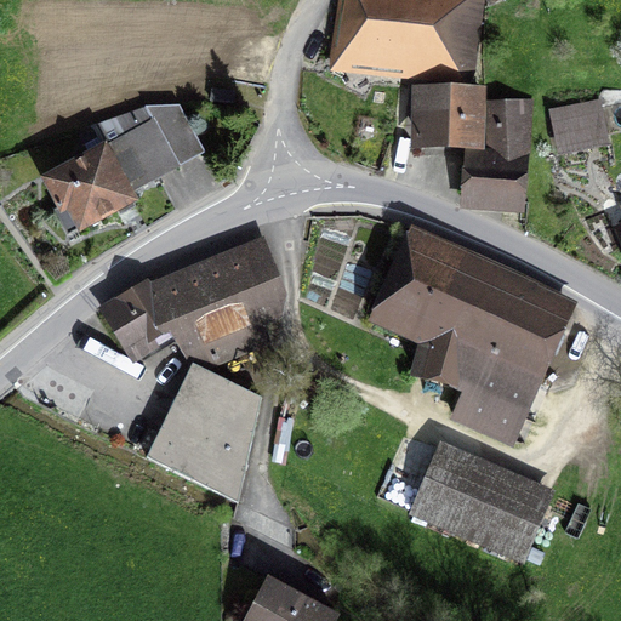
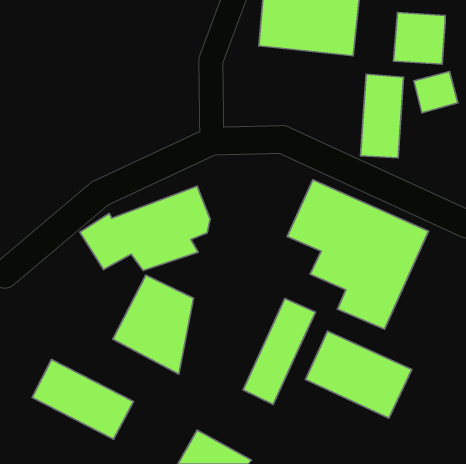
building: [416,86,484,154] -> [394,13,445,64]
building: [50,112,209,232] -> none
building: none -> [243,299,315,405]
building: none -> [32,359,134,439]

